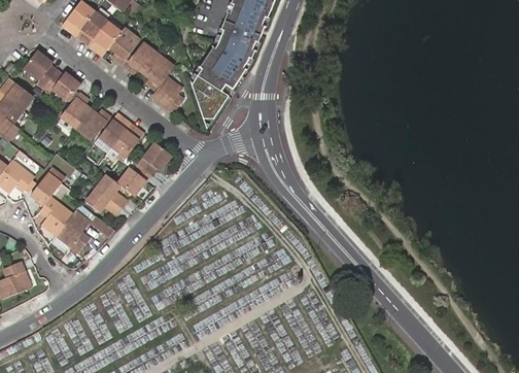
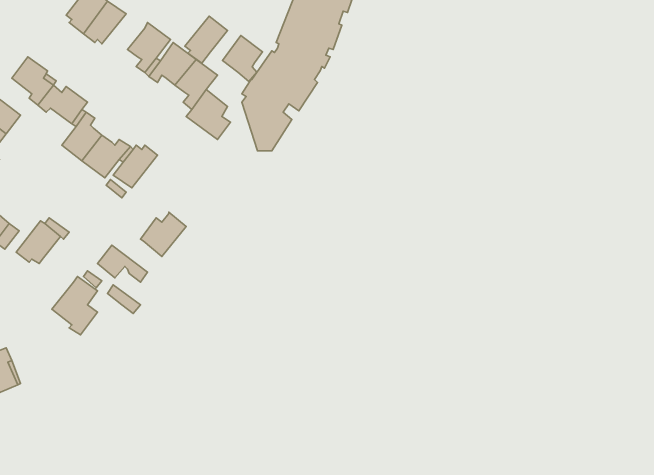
building: [91,20,122,54] -> [185,16,228,63]
building: none -> [222,36,263,82]
building: [112,122,142,156] -> none
building: [139,142,172,173] -> none
building: [98,174,129,206] -> none
building: [38,196,70,233] -> none

